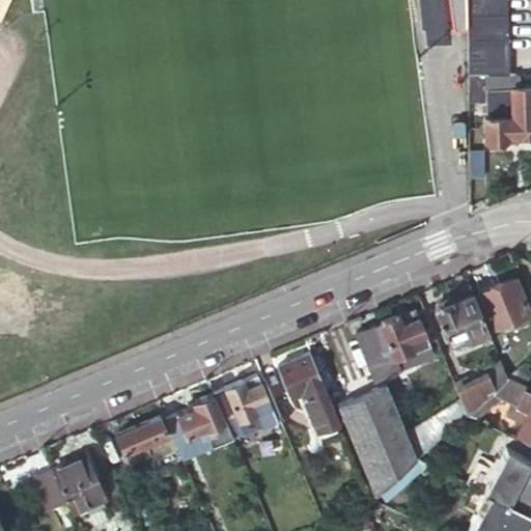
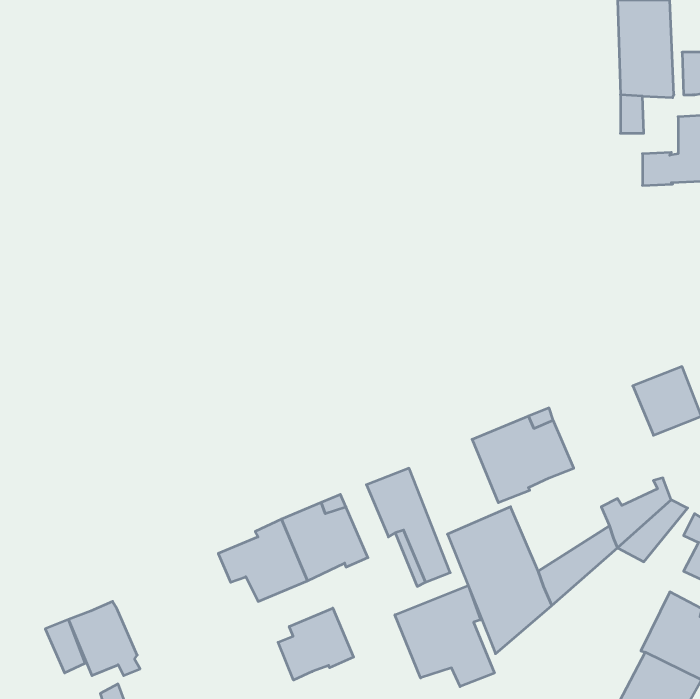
building: [437,297,493,348] -> none
building: [117,416,175,462] -> none
building: none -> [395,585,494,687]
building: none -> [278,608,354,680]

